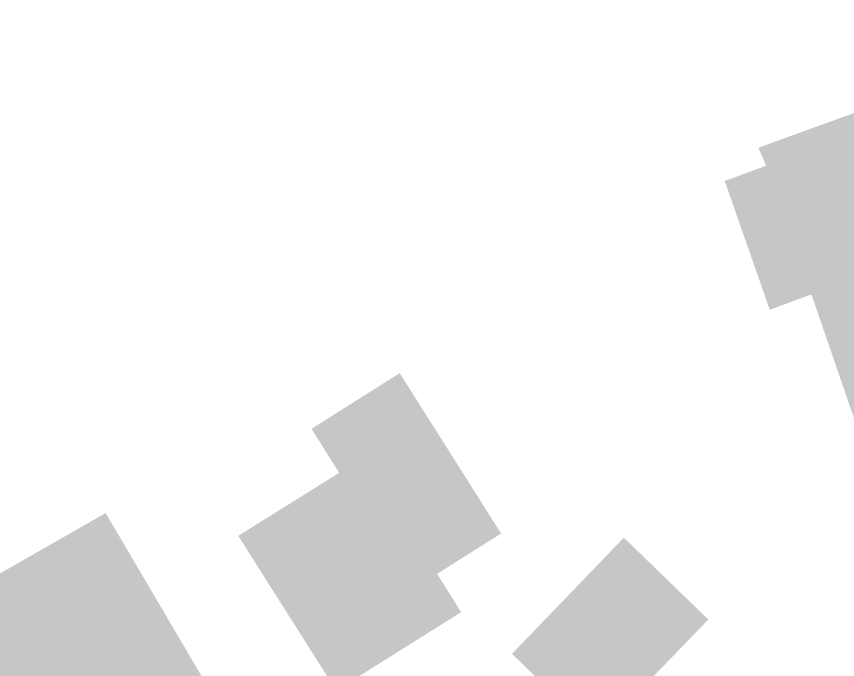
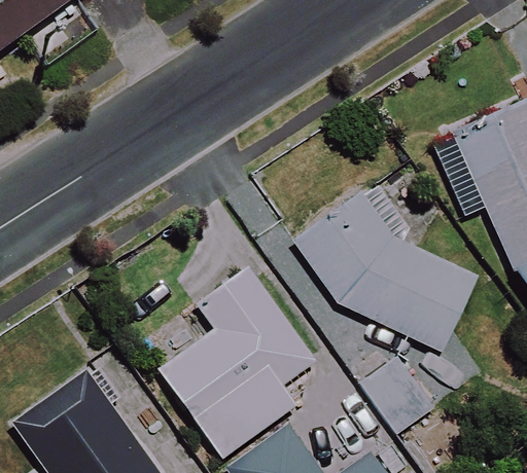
building: none -> [292,180,475,348]

